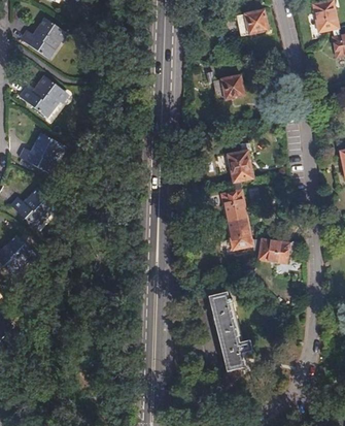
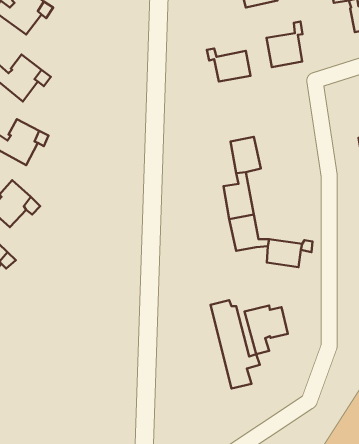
building: none -> [266,21,302,67]
building: none -> [244,305,288,354]

